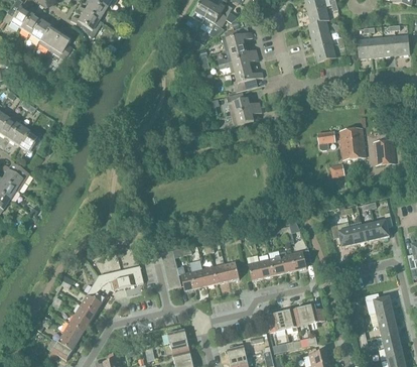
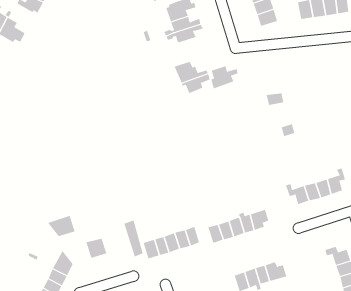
building: [234,68,263,91] -> [210,65,238,89]
building: [339,128,366,159] -> none
building: [374,140,395,164] -> none
building: [98,269,126,290] -> [47,215,75,237]

